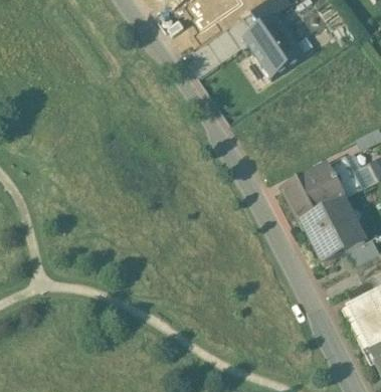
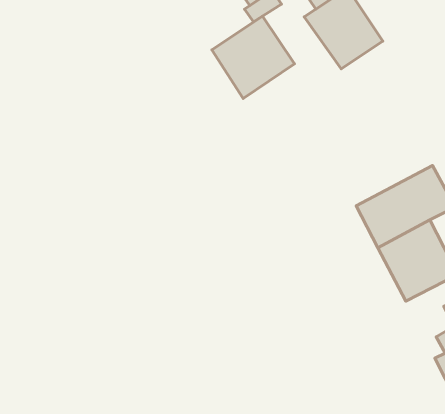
building: none -> [212,16,294,98]

